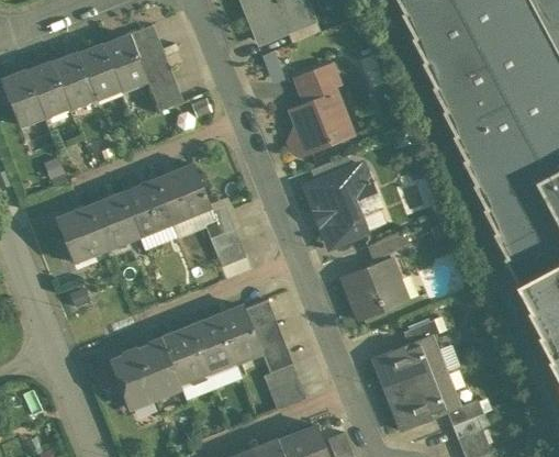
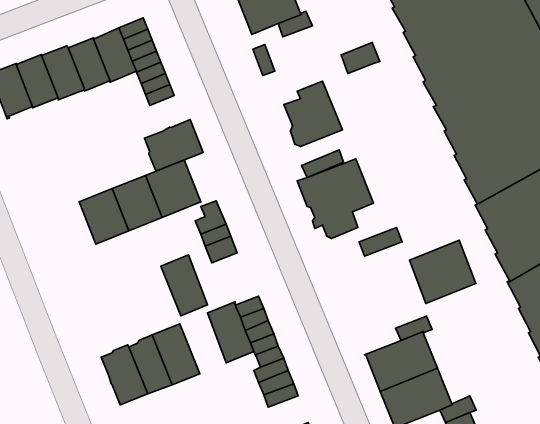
building: [299,66,337,97] -> [341,43,380,74]
building: none -> [144,120,203,171]
building: [56,207,105,261] -> none
building: [342,258,407,321] -> [409,240,476,303]
building: [189,316,235,377] -> [161,255,207,316]

